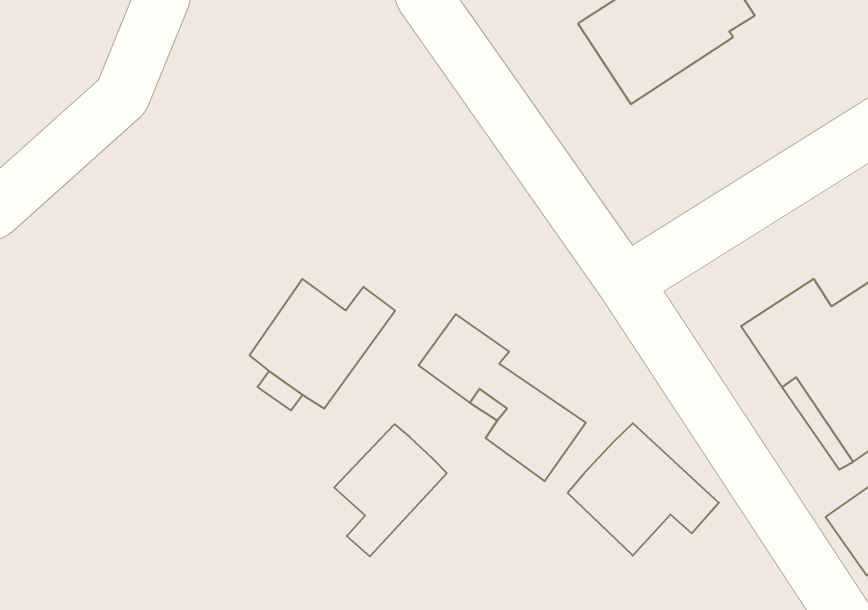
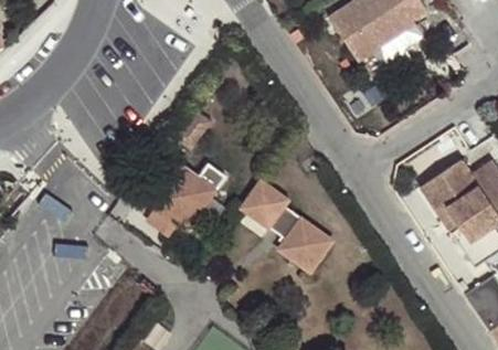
building: [568,423,719,556] -> none
building: [334,424,447,556] -> none

